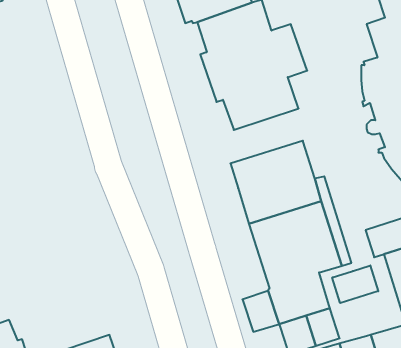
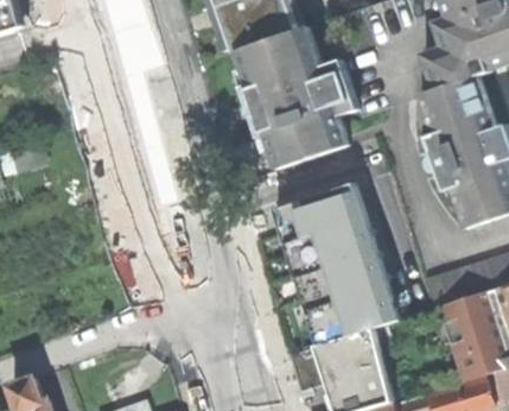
building: [332,265,378,303] -> none

